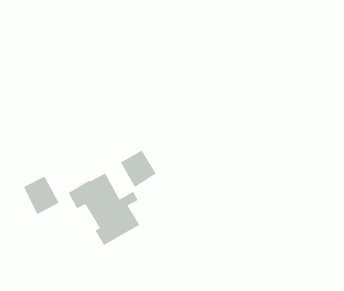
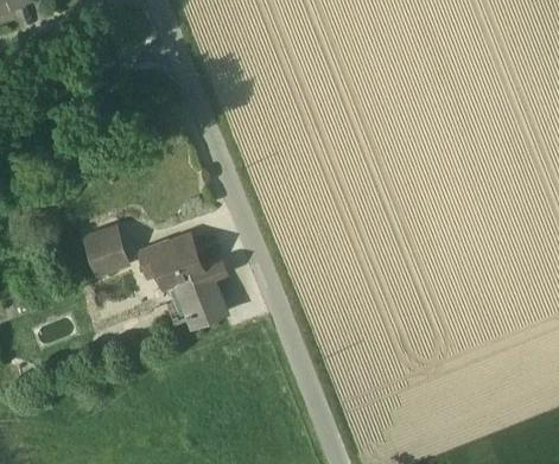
building: [120,150,156,188] -> none

